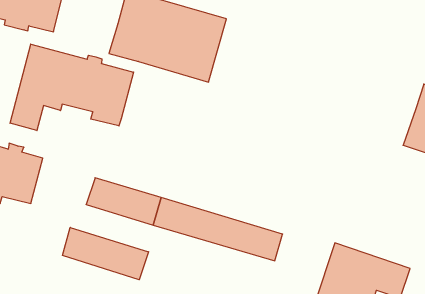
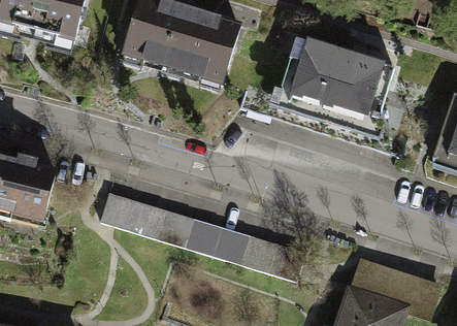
building: none -> [278,38,393,128]
building: [10,44,134,131] -> none
building: [62,227,149,280] -> none

